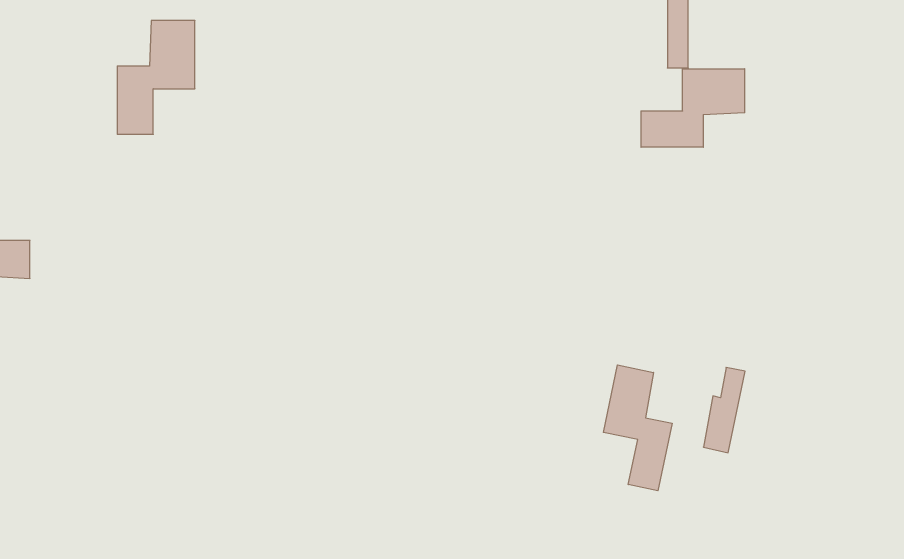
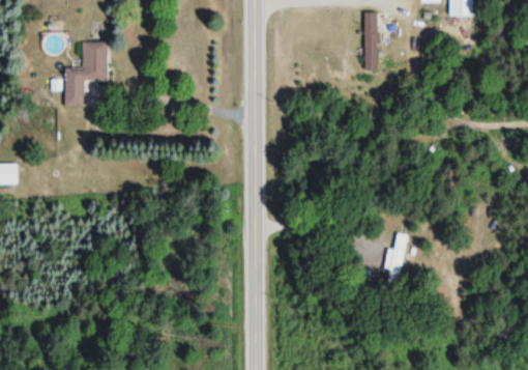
building: [641,69,745,147] -> none
building: [603,365,672,491] -> none

